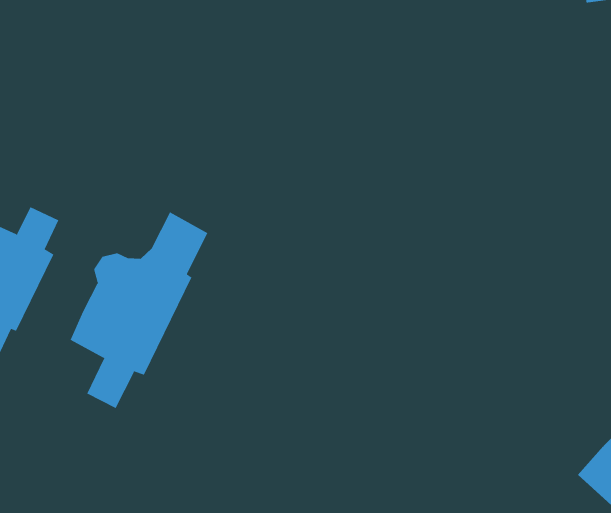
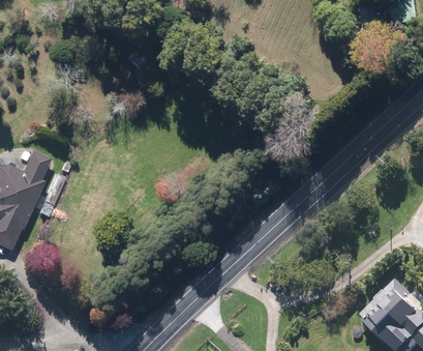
building: [70,211,208,409] -> none

